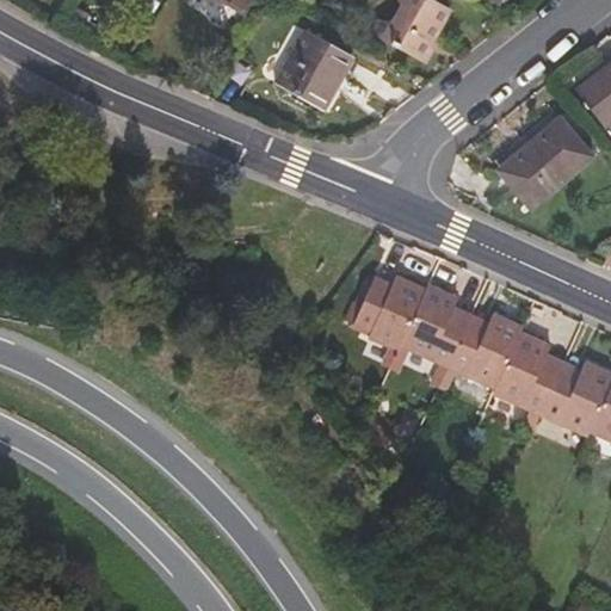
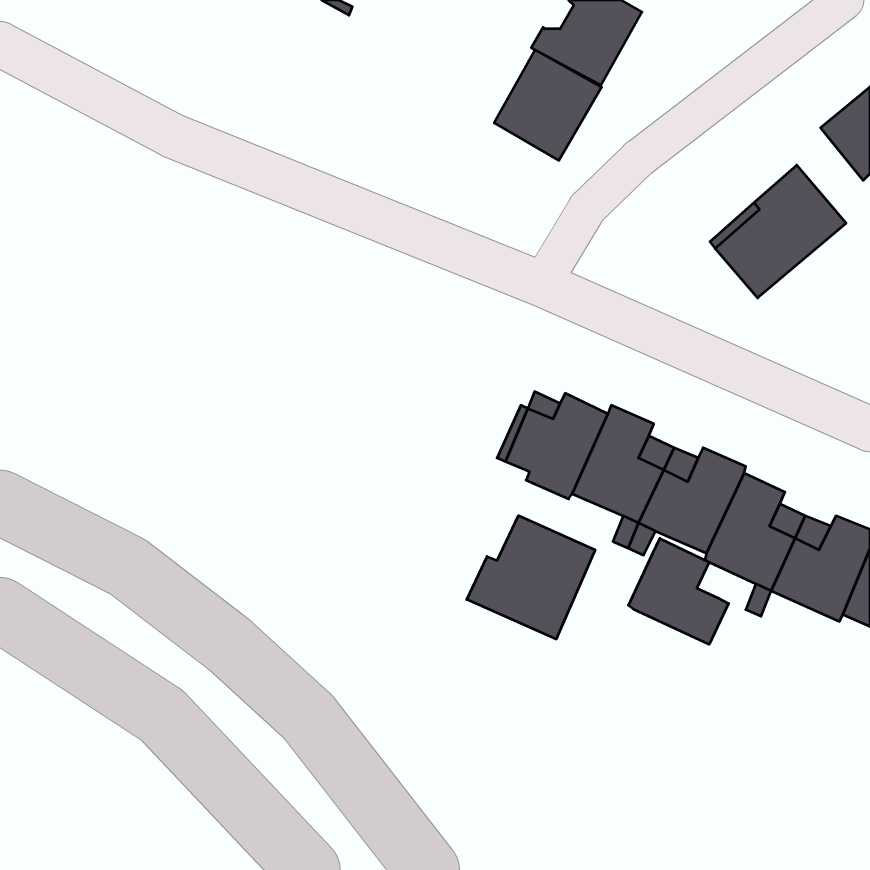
building: [277,31,352,109] -> [494,50,602,160]
building: none -> [467,516,595,639]
building: none -> [628,538,729,644]

